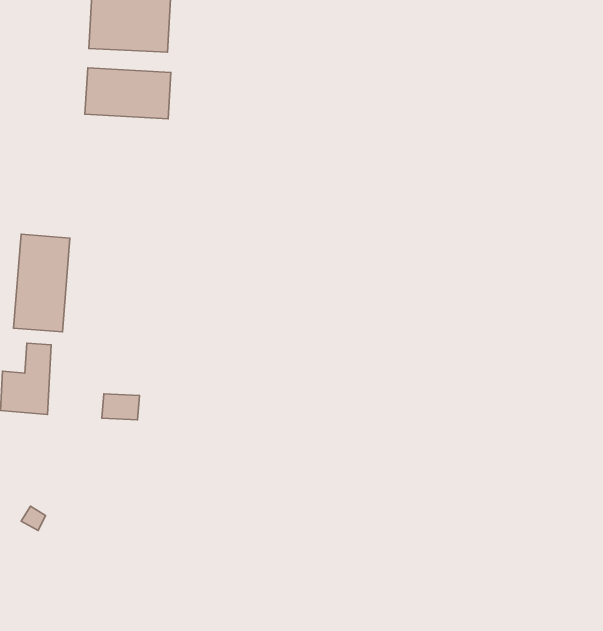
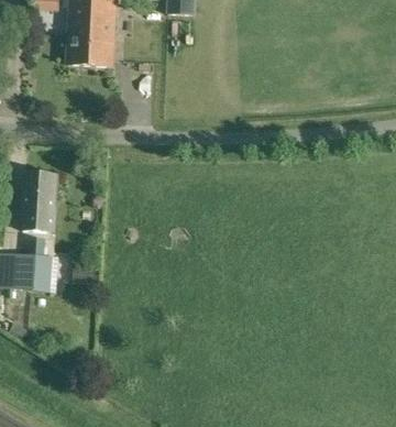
building: [85,68,171,119] -> none

